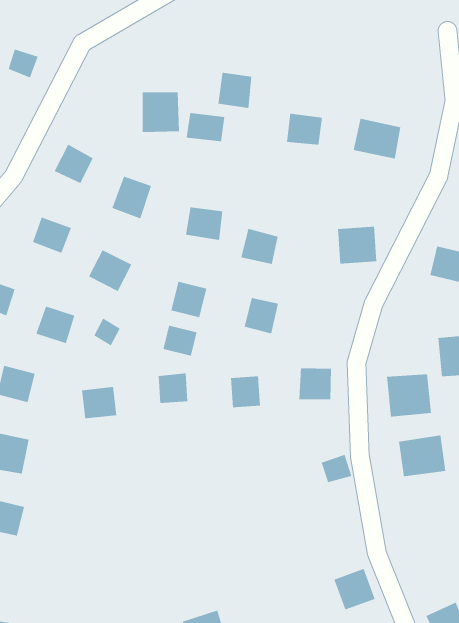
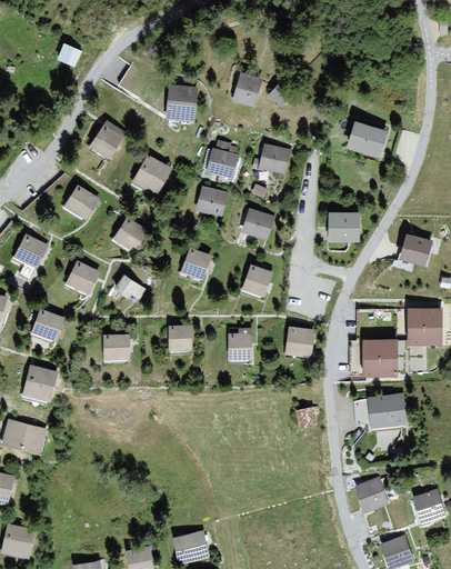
building: [186,113,225,142] -> [208,150,242,177]
building: [286,113,323,145] -> [261,143,293,172]
building: [163,325,197,357] -> none
building: [334,568,375,610] -> [355,477,390,511]

